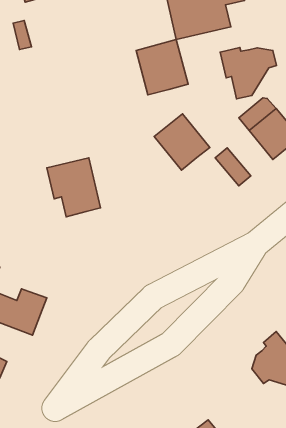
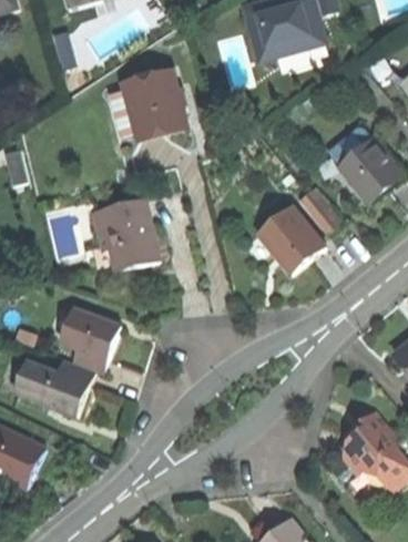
building: [136,39,188,95] -> [124,70,187,137]
building: [220,48,276,99] -> none
building: [154,114,210,170] -> [258,205,326,274]
building: none -> [60,309,120,374]

